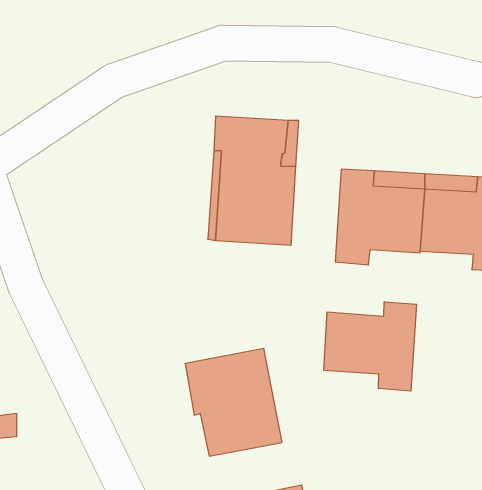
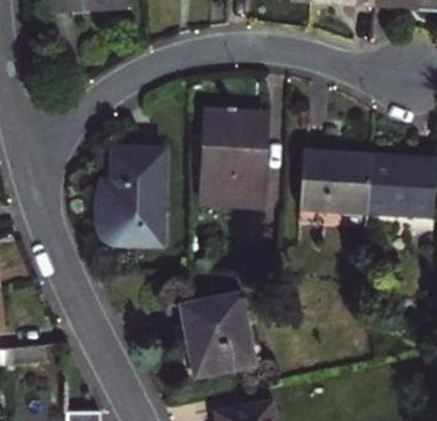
building: none -> [97,147,165,246]
building: [324,302,417,391] -> none

